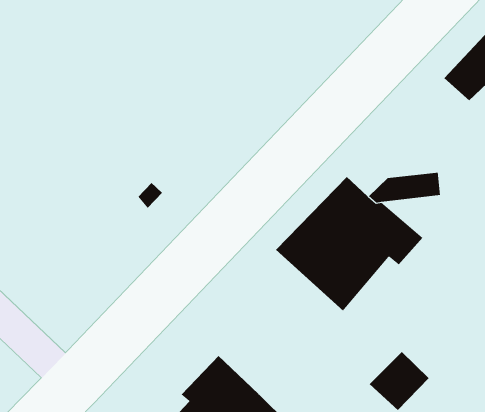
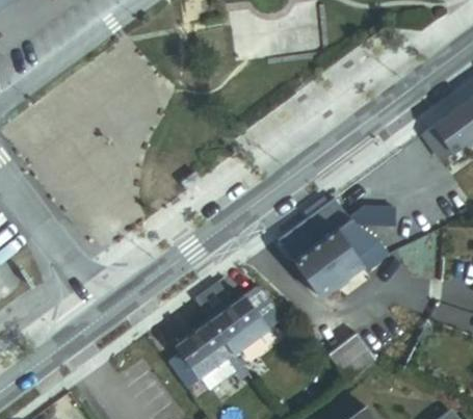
building: none -> [362,217,415,250]
building: none -> [219,288,279,347]

